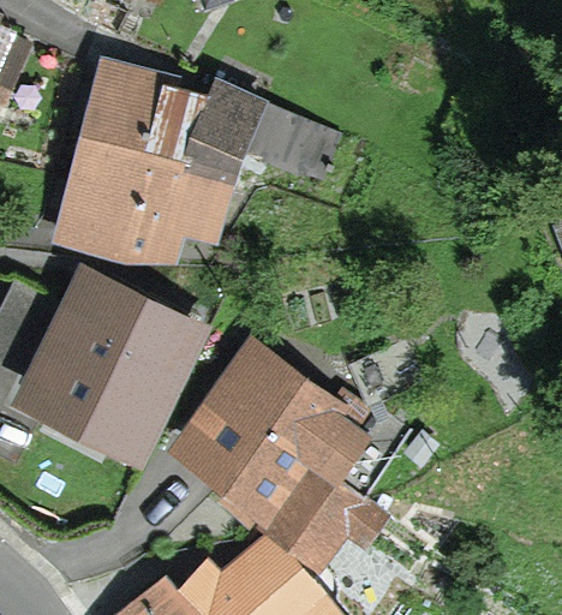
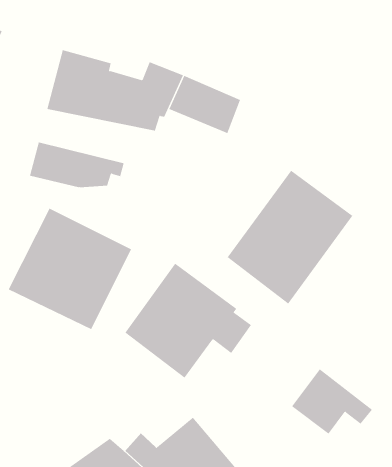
building: [70,144,223,222] -> none
building: none -> [227,170,353,305]
building: [269,462,376,549] -> [291,368,373,434]

